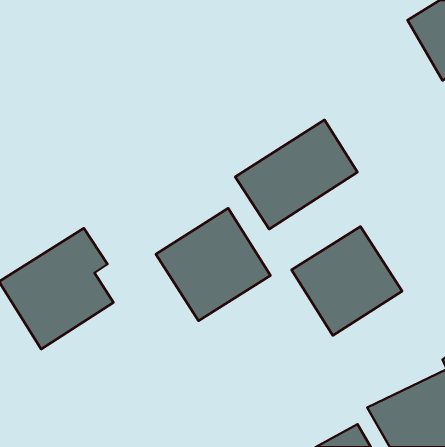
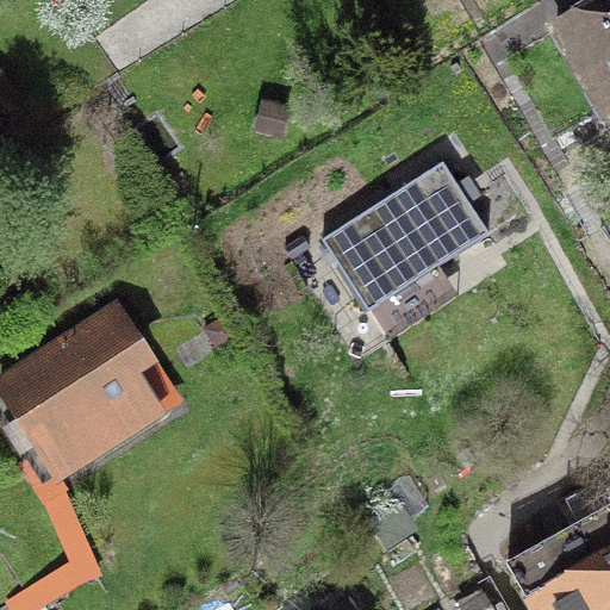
building: [156,208,271,321] -> none
building: [291,227,402,335] -> none

